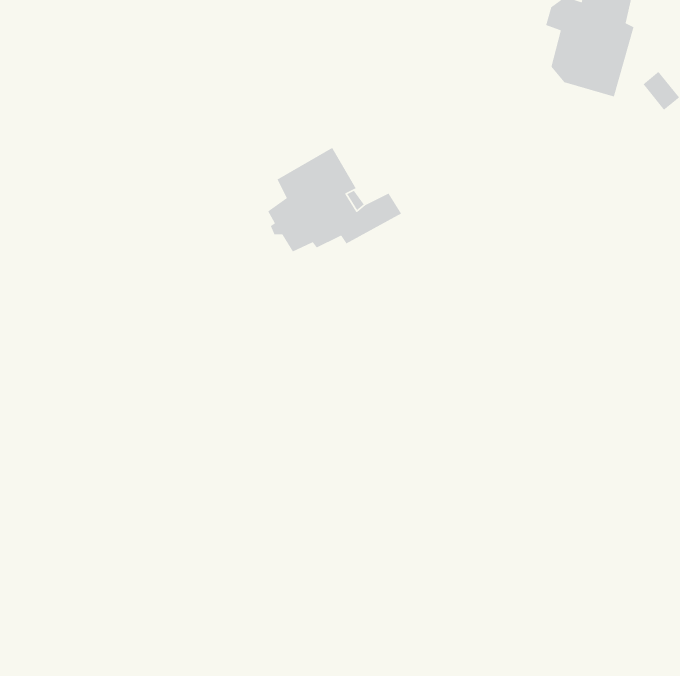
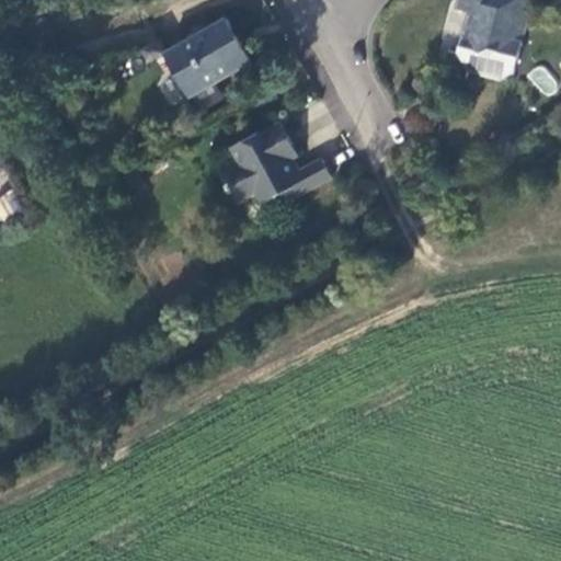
building: none -> [164,23,247,93]

